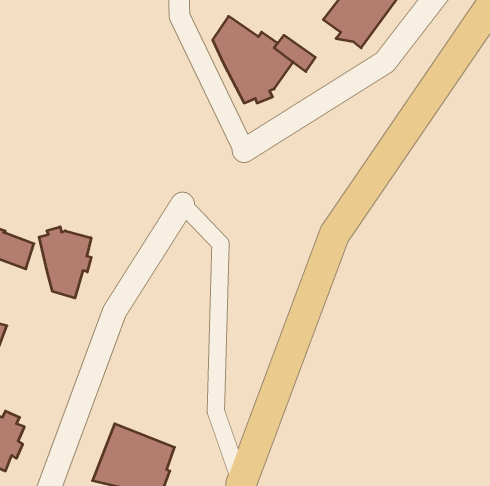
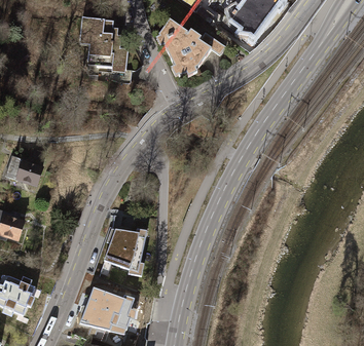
building: none -> [78,17,126,68]
building: [39,227,91,298] -> none
building: none -> [102,227,145,274]

